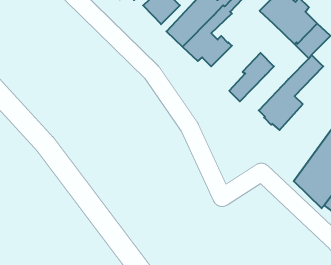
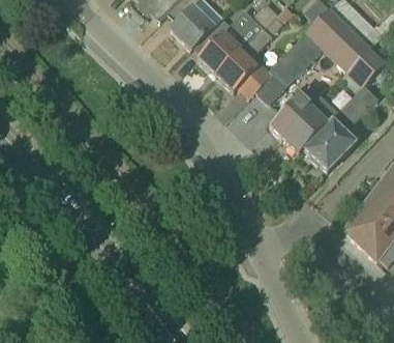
building: none -> [259,33,321,101]
building: none -> [282,97,338,153]

